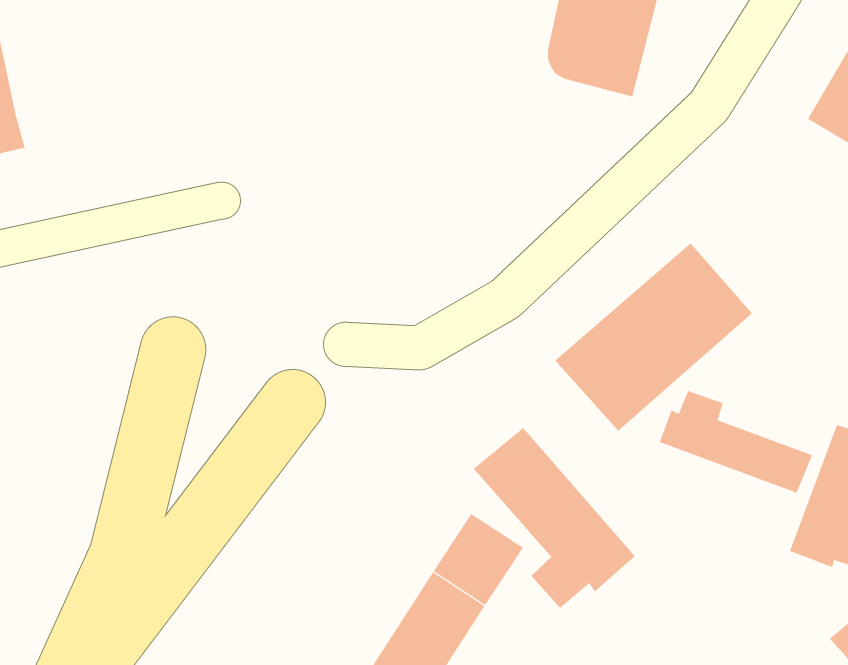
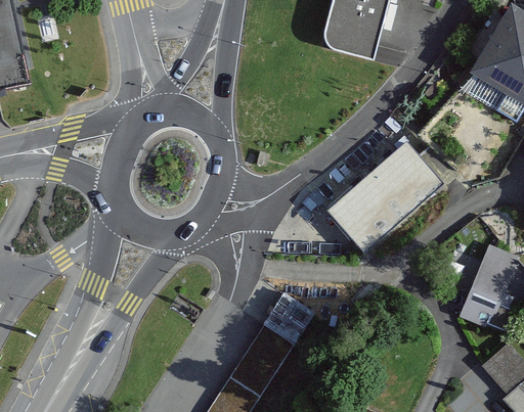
building: [659,390,813,494] -> none
building: [473,427,636,609] -> none

